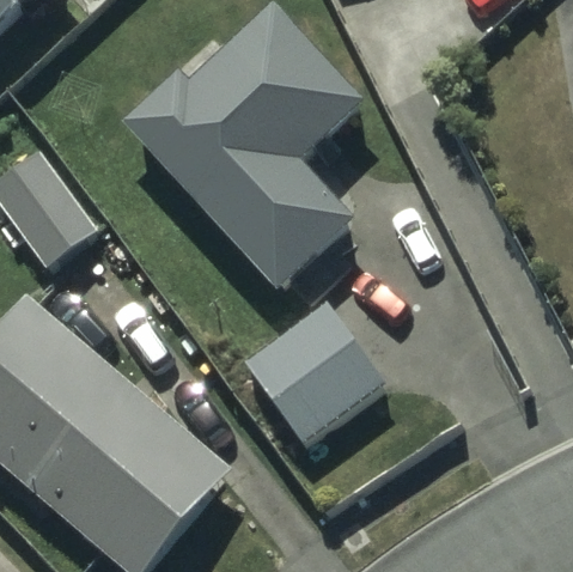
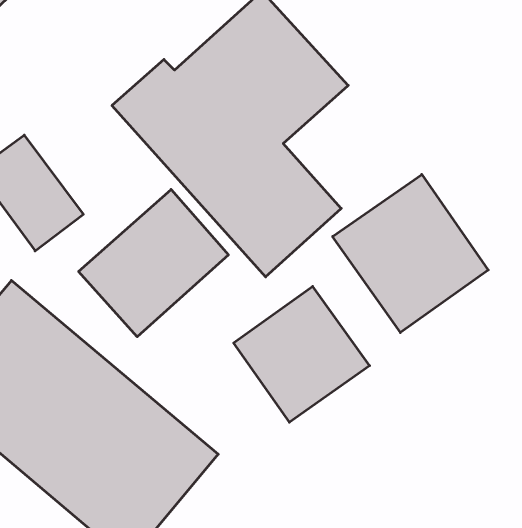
building: none -> [333,174,488,333]
building: none -> [79,189,228,337]

